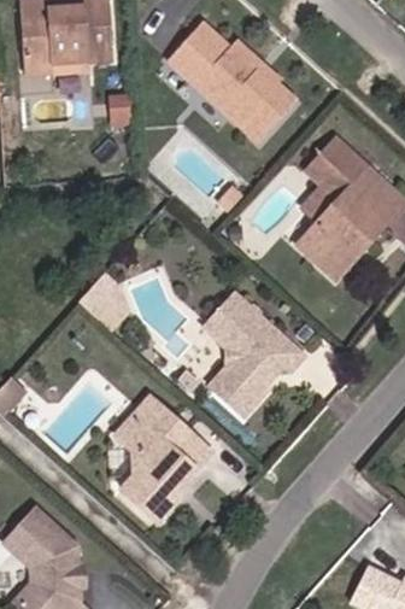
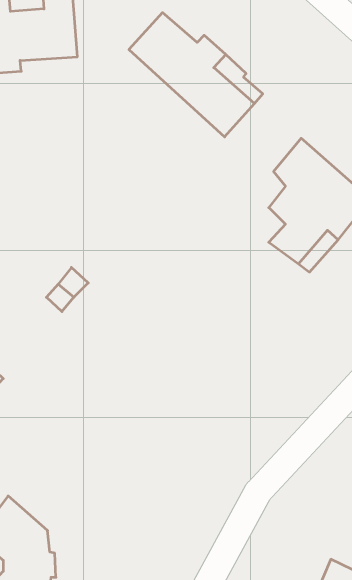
building: [189,289,290,408] -> none
building: [111,402,204,531] -> none

